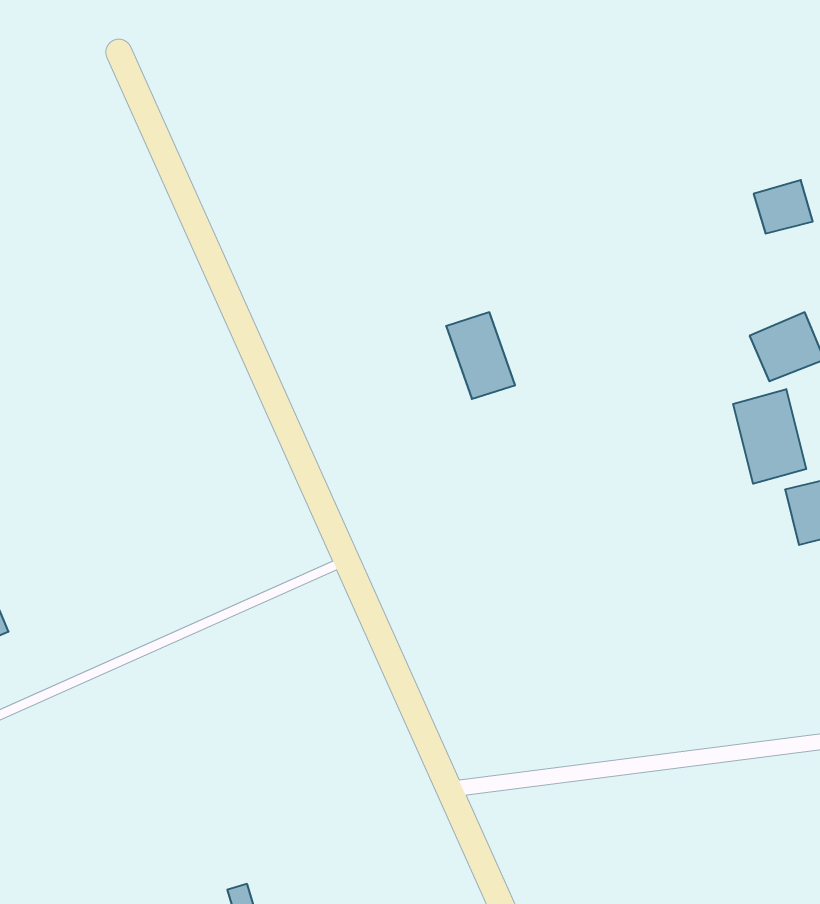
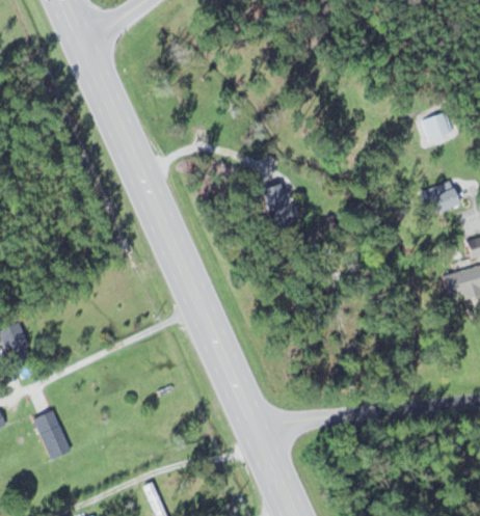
building: [733,389,806,484] -> none
building: none -> [35,410,70,460]

